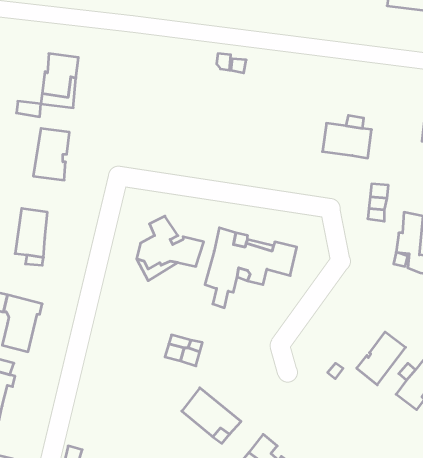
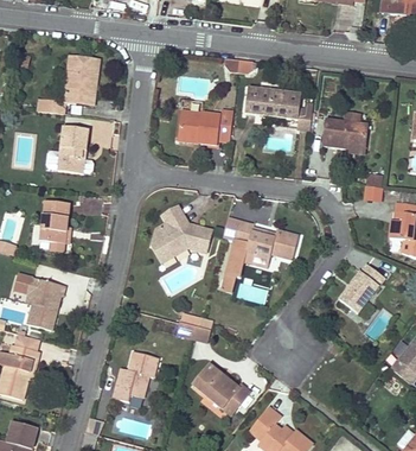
building: none -> [245,87,312,129]
building: none -> [178,110,222,145]
building: [357,332,406,385] -> [339,265,384,313]
building: none -> [113,351,158,402]

